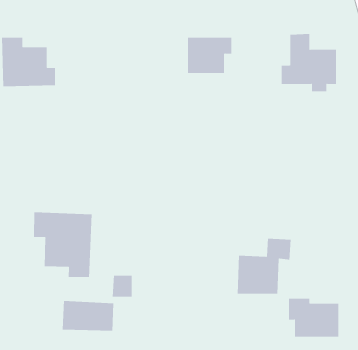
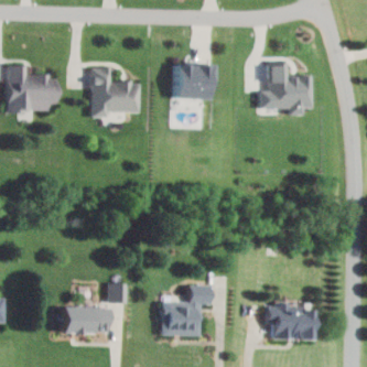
building: none -> [90,67,139,118]
building: [33,211,92,278] -> none
building: [237,238,292,294] -> [161,284,211,335]

